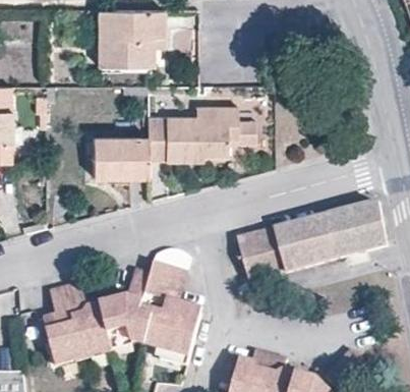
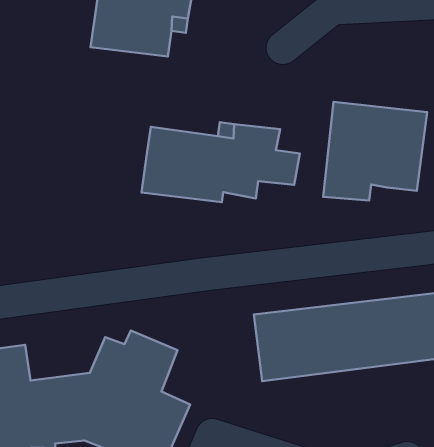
building: none -> [323,102,427,200]
building: [93,136,149,177] -> none

